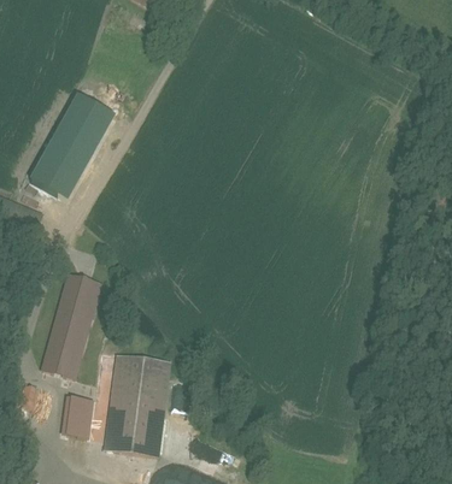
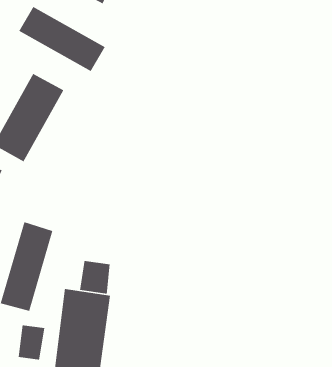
building: none -> [19,6,106,72]
building: none -> [80,260,110,294]

